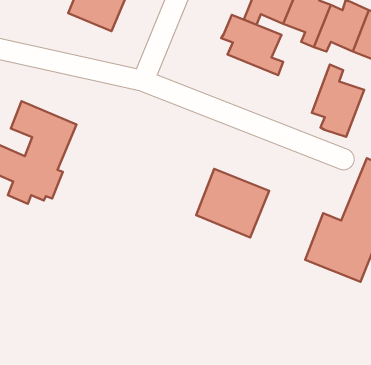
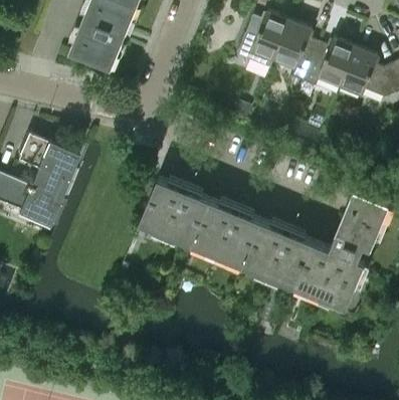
building: [221,15,283,75] -> none
building: [312,64,364,137] -> none
building: none -> [141,178,209,242]
building: none -> [243,219,313,284]

